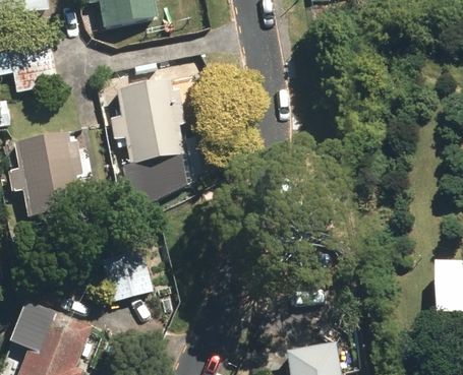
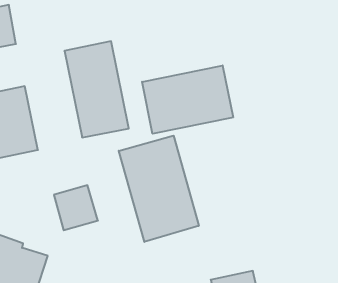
building: none -> [142,65,233,134]
building: none -> [119,136,199,242]

